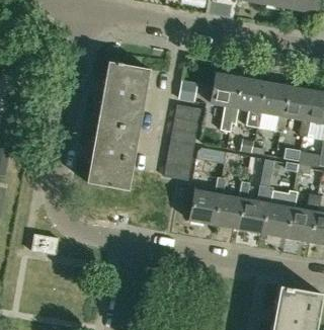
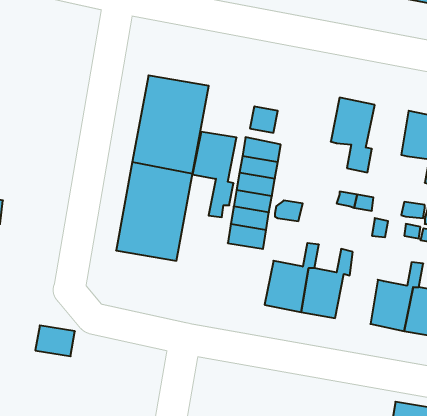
building: [211,72,241,131] -> [192,132,237,217]
building: [259,81,289,132] -> none
building: [238,185,274,232] -> none

